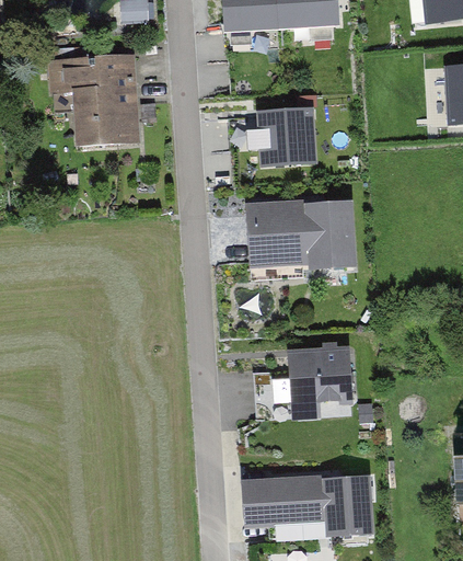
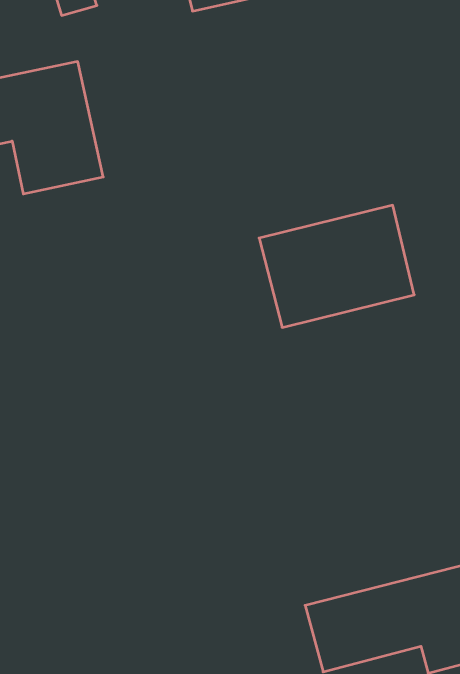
building: [256,104,319,165] -> none
building: [281,352,356,413] -> none

